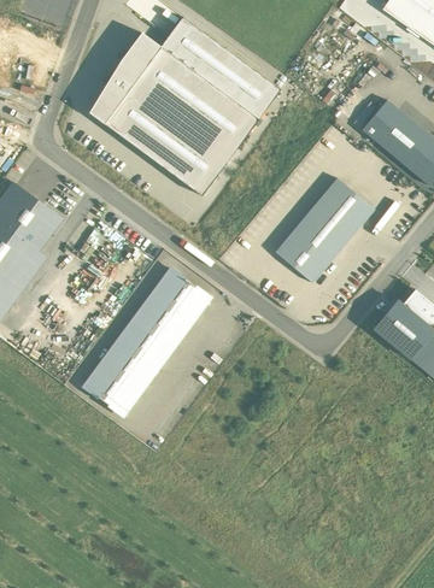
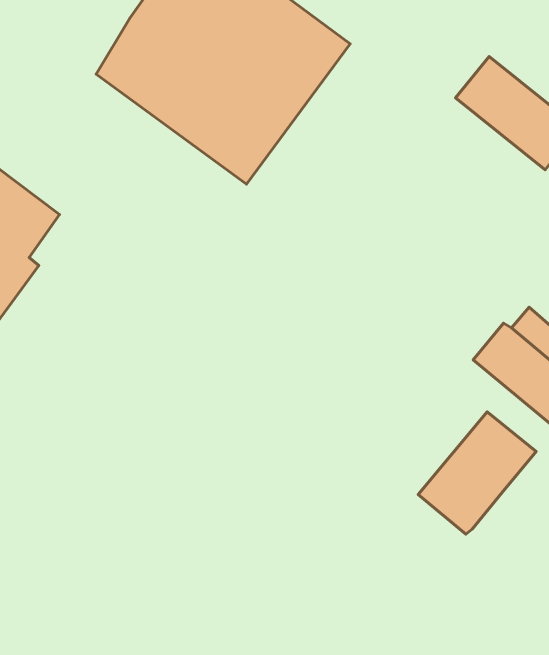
building: [275,177,374,282] -> none
building: [82,265,215,418] -> none
building: none -> [418,412,536,534]

